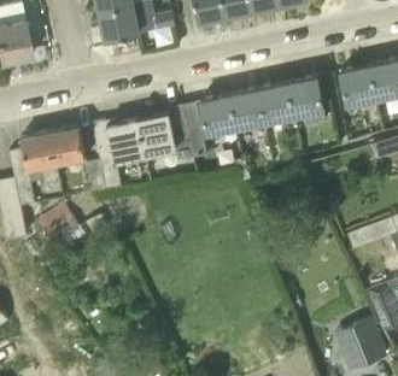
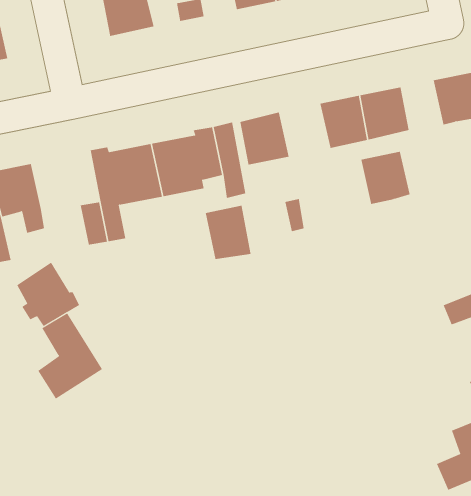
building: [229,89,265,128] -> [361,151,411,204]
building: [49,127,86,165] -> none
building: none -> [205,205,251,260]
building: none -> [37,313,103,400]

